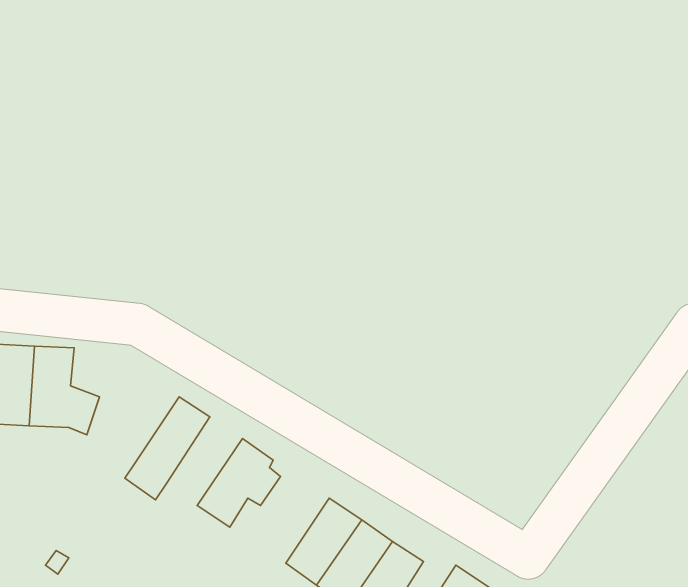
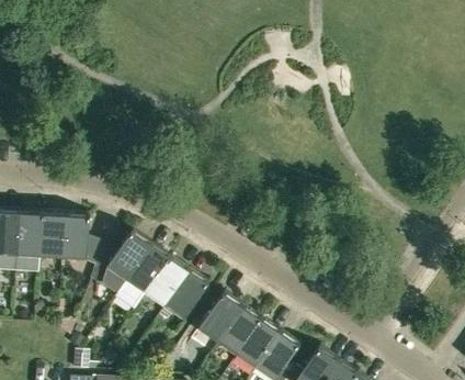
building: none -> [91,228,151,291]
building: none -> [144,254,190,308]
building: none -> [196,290,242,343]

